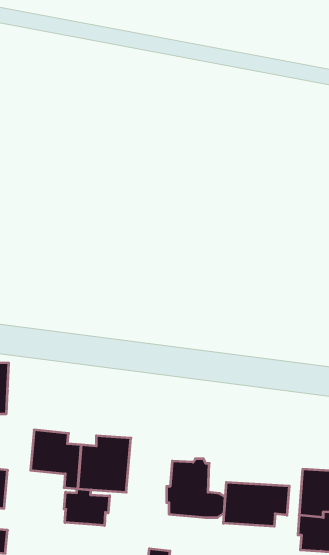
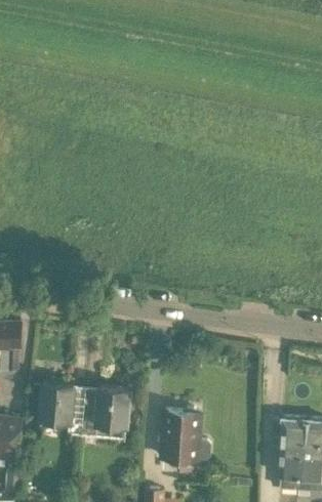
building: [223,482,289,526] -> none
building: [64,489,110,526] -> none

